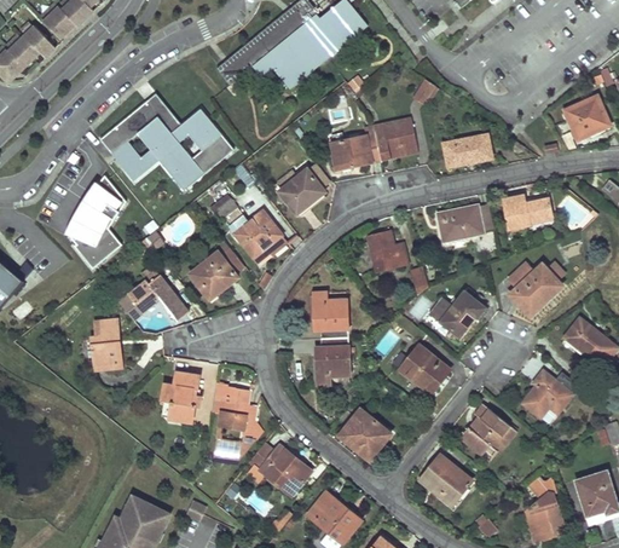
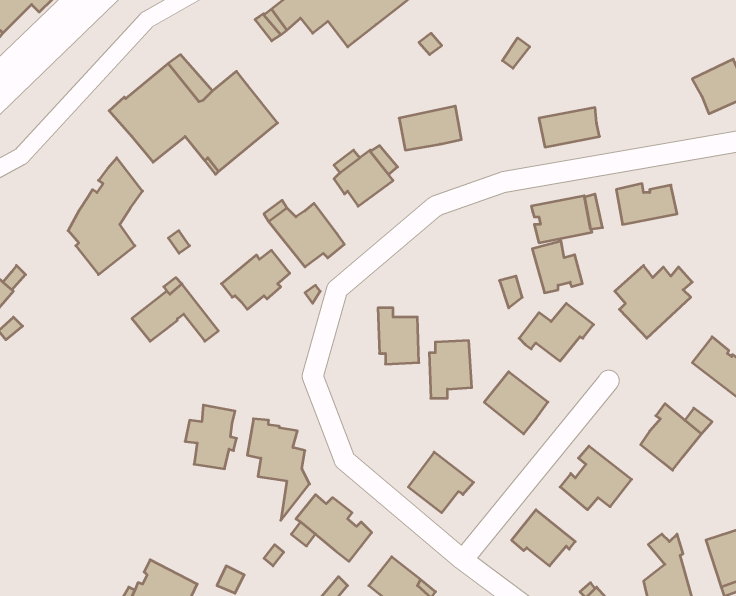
building: [374,117,416,160] -> none
building: [368,230,407,271] -> [532,241,582,293]
building: [92,319,121,371] -> none
building: [316,338,349,383] -> [429,341,472,398]

